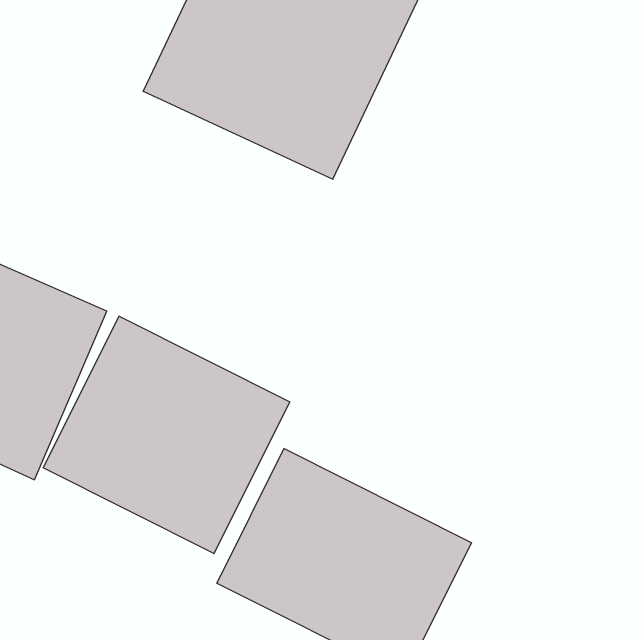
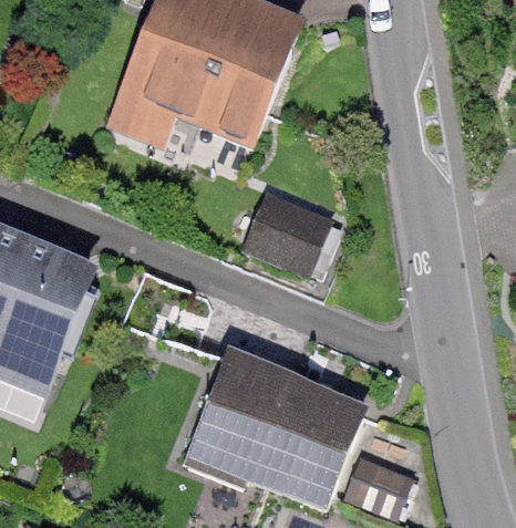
building: none -> [239,187,331,273]
building: [43,316,290,554] -> none

